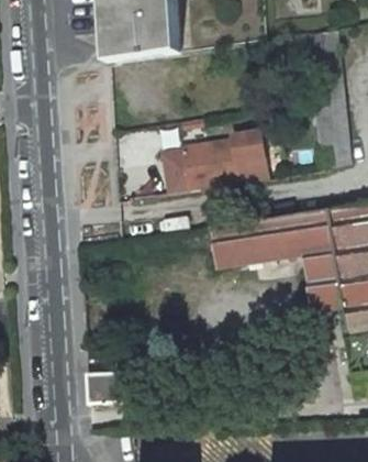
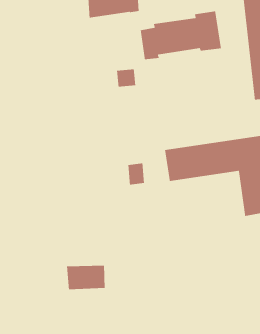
building: [165,131,268,194] -> [140,10,222,60]

